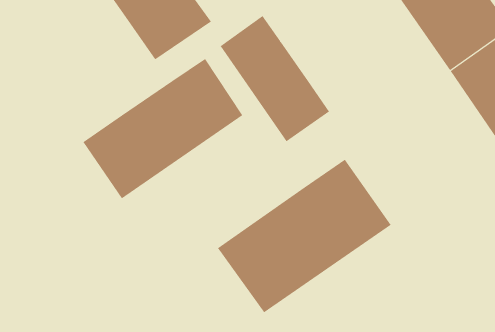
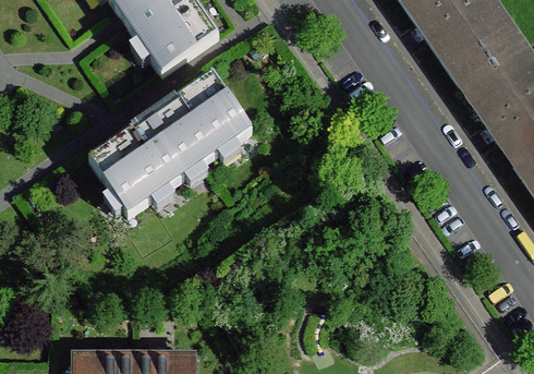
building: [220,15,330,142] -> none
building: [217,159,391,313] -> none

